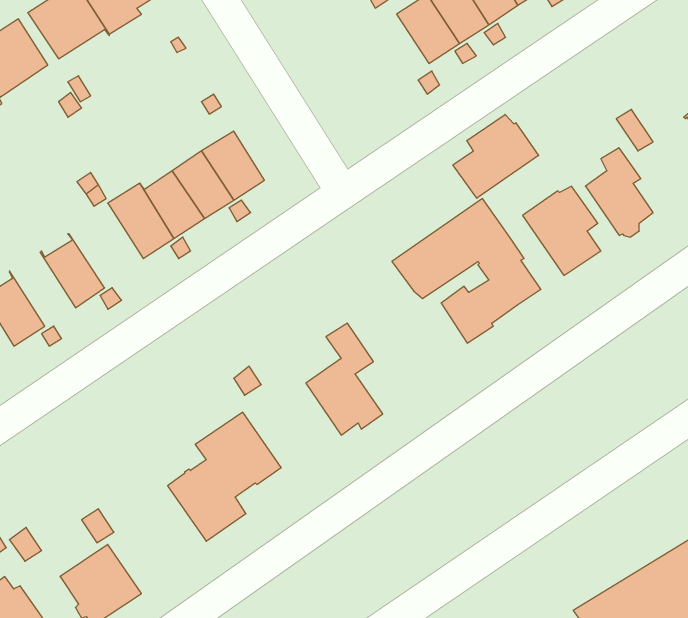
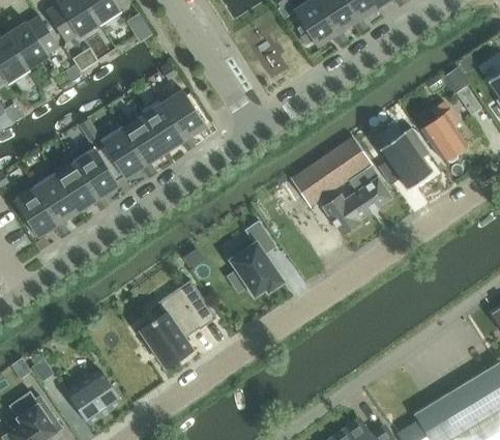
building: [453,114,539,198] -> none
building: none -> [73,147,118,197]
building: none -> [33,173,78,223]

